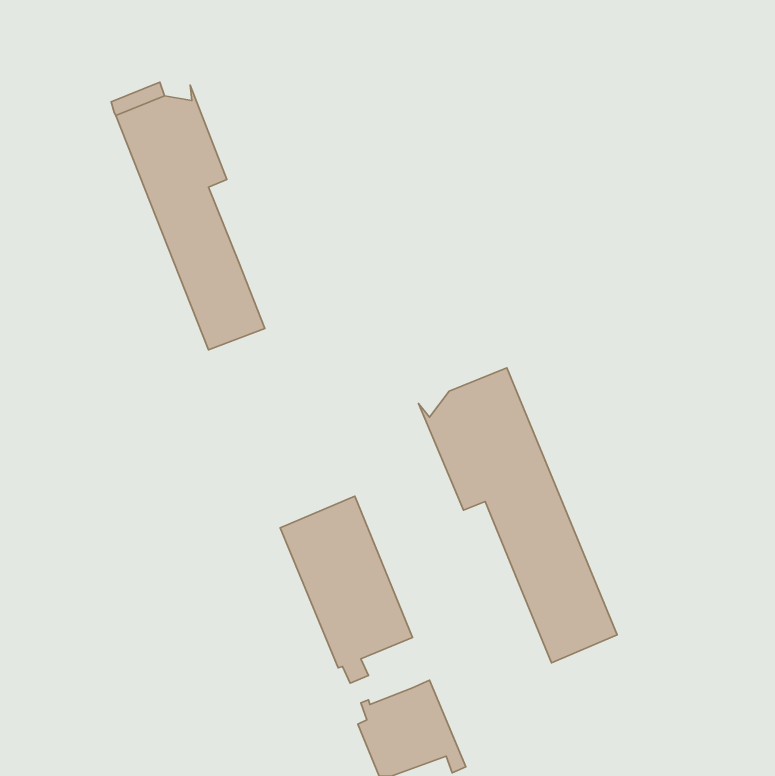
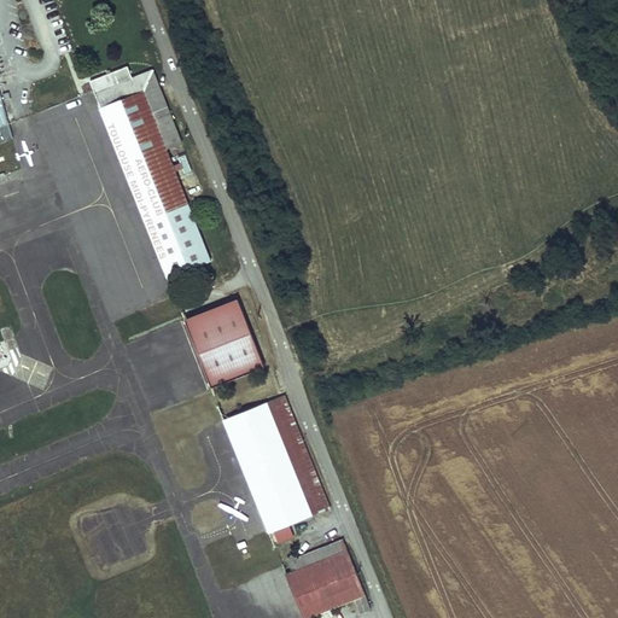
building: [418,368,617,663] -> none
building: none -> [183,299,263,387]

